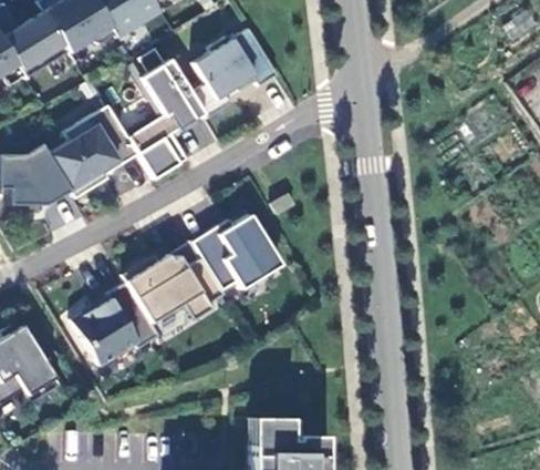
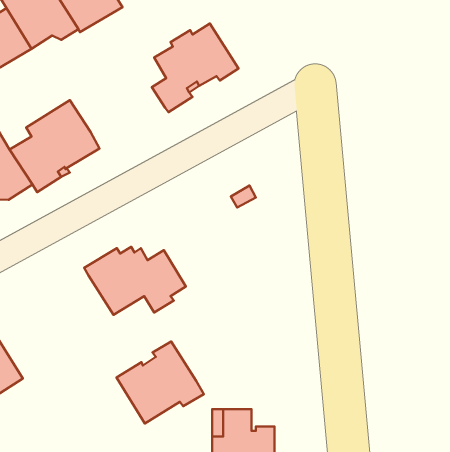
building: [128,58,204,176] -> none
building: [193,212,281,288] -> none
building: [71,280,159,364] -> [116,341,204,424]

